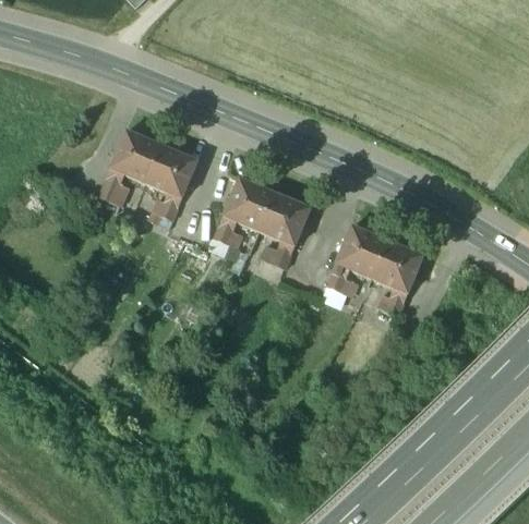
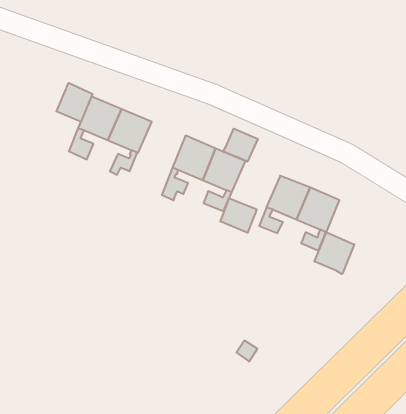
building: none -> [56,83,92,122]
building: none -> [223,129,258,162]
building: none -> [220,198,257,233]
building: none -> [314,232,354,274]

